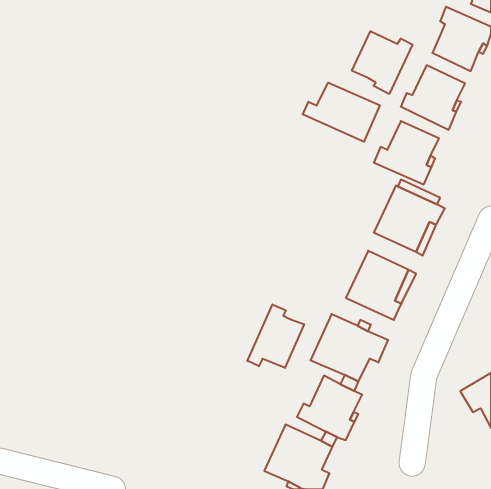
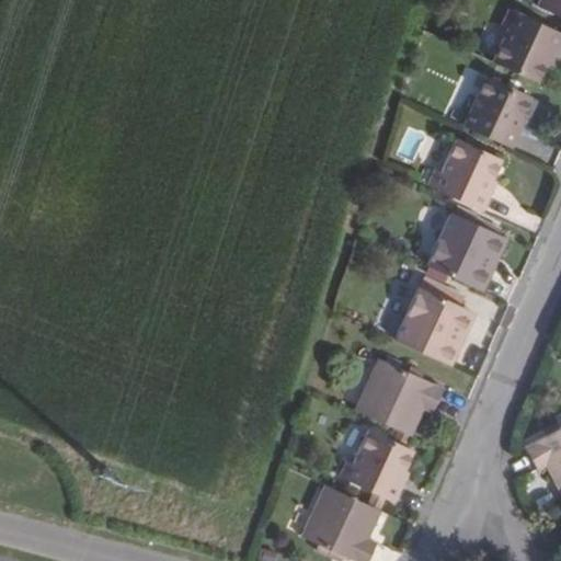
building: [352,31,412,94] -> none
building: [303,83,380,142] -> none
building: [247,304,304,368] -> none

